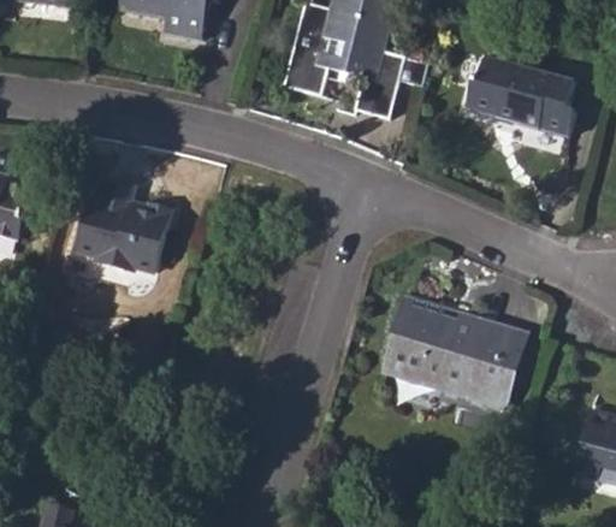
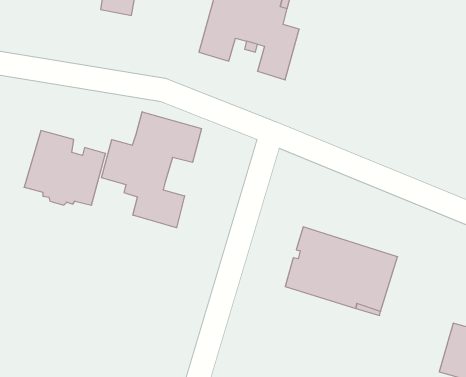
building: [462,54,573,136] -> none
building: none -> [101,112,201,228]

